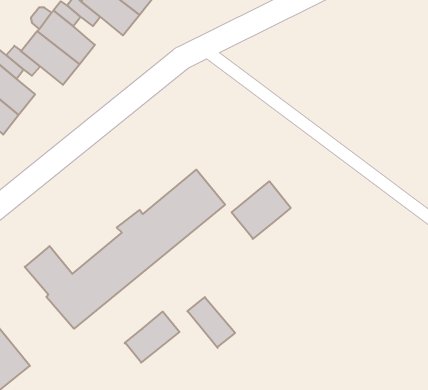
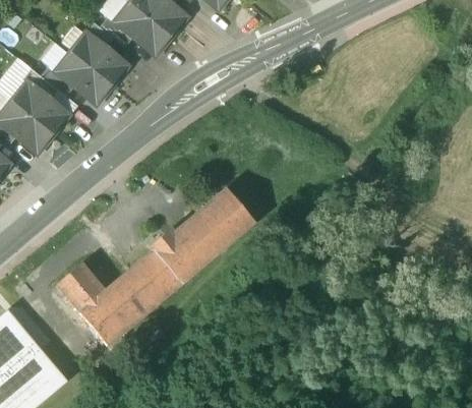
building: [232,181,291,239] -> none
building: [187,297,235,348] -> none
building: [125,312,179,363] -> none

